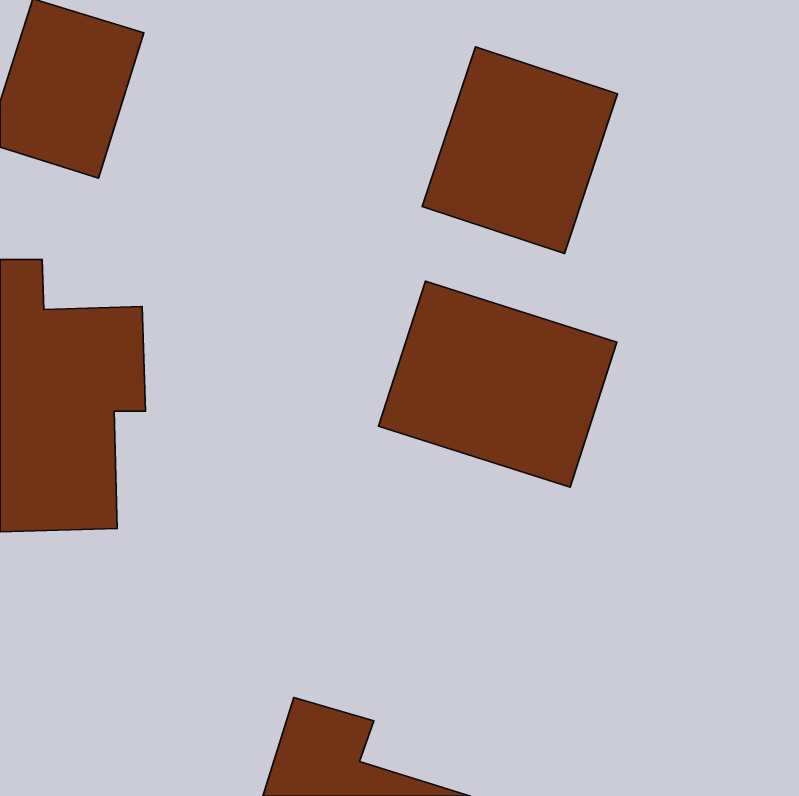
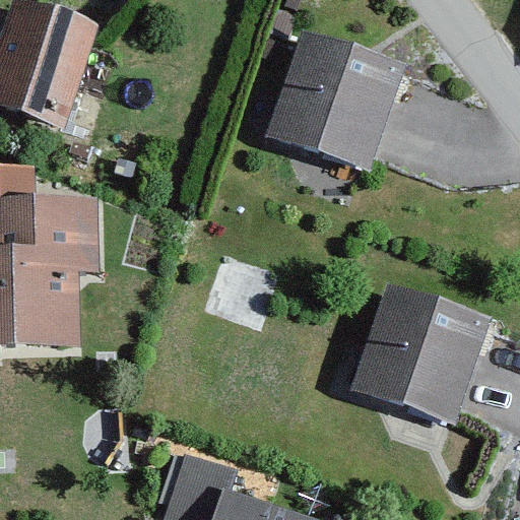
building: [379,281,617,487] -> none
building: none -> [355,284,486,427]

